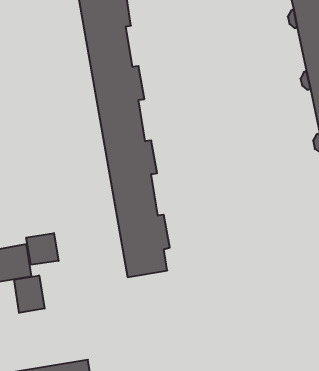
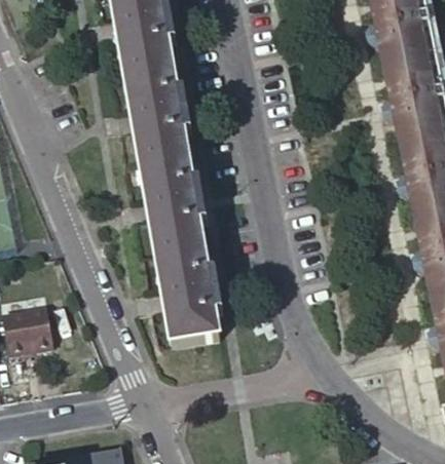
building: [26,233,59,265] -> none
building: [14,275,45,313] -> none

